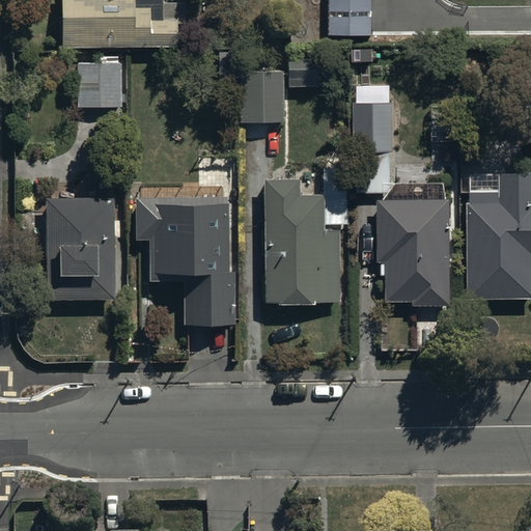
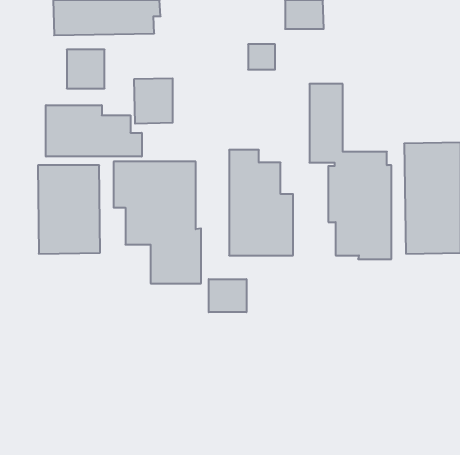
building: [239,71,283,122] -> [134,78,173,124]
building: none -> [46,105,142,157]
building: none -> [209,279,246,312]

